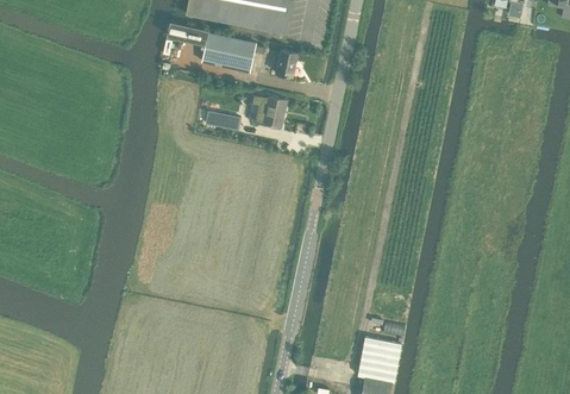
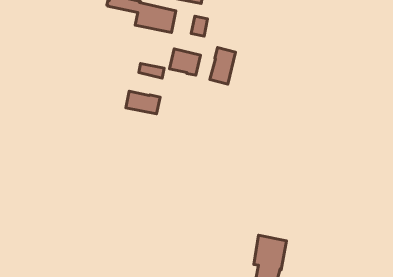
building: none -> [210,48,236,84]
building: none -> [126,91,160,114]

